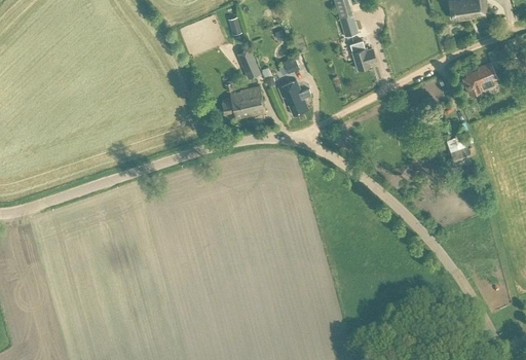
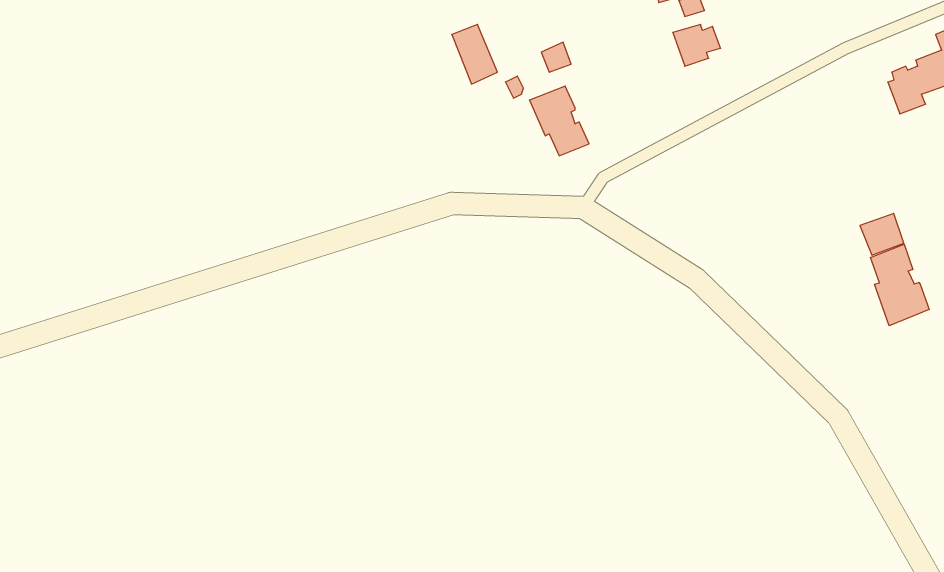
building: [221,86,265,117] -> none
building: none -> [871,244,929,326]

